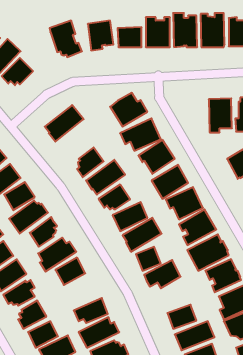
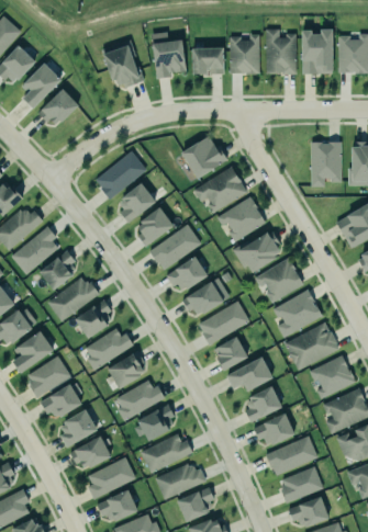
building: none -> [120,182,155,222]
building: none -> [115,378,165,420]
building: none -> [245,385,281,421]

